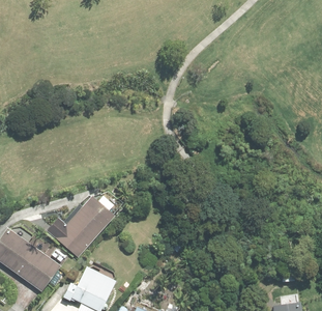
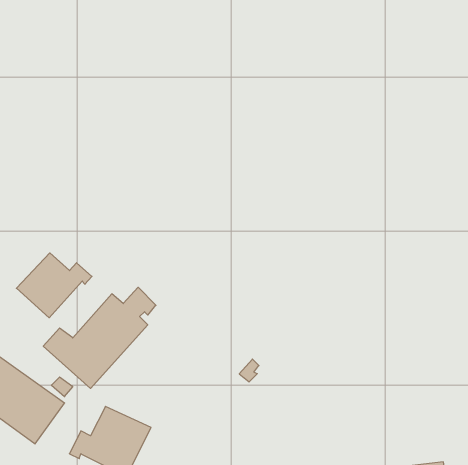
building: none -> [16,253,92,318]

